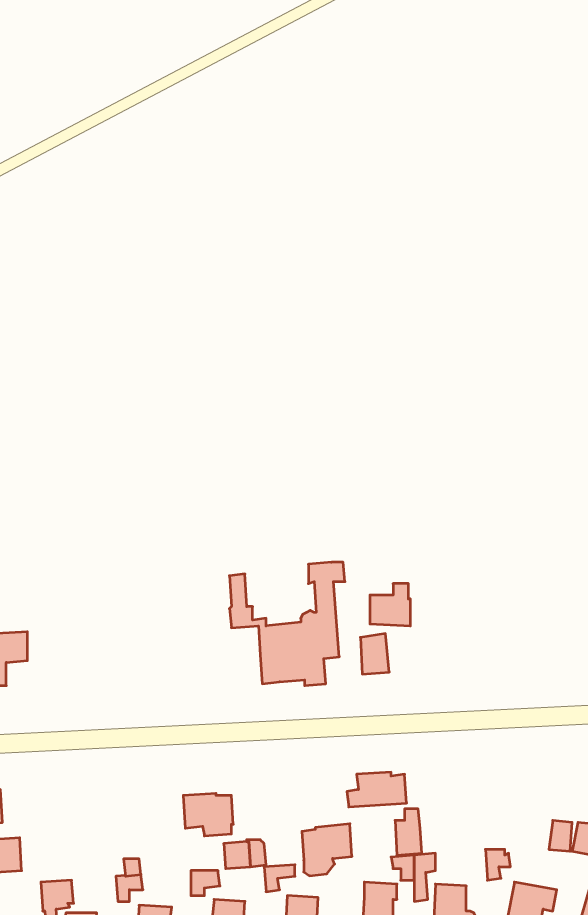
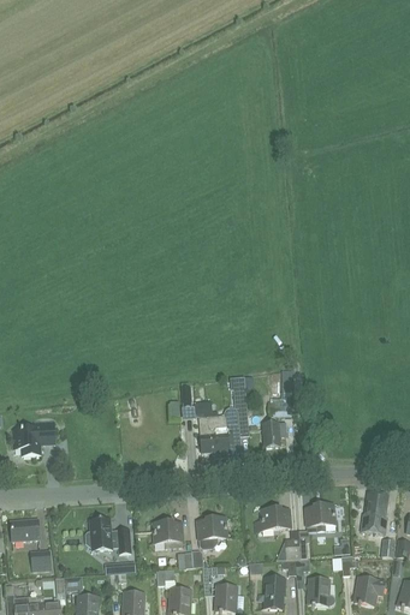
building: none -> [361,492,388,533]
building: none -> [305,503,335,526]
building: none -> [85,519,130,554]
building: [302,824,352,876] -> [197,517,228,549]

